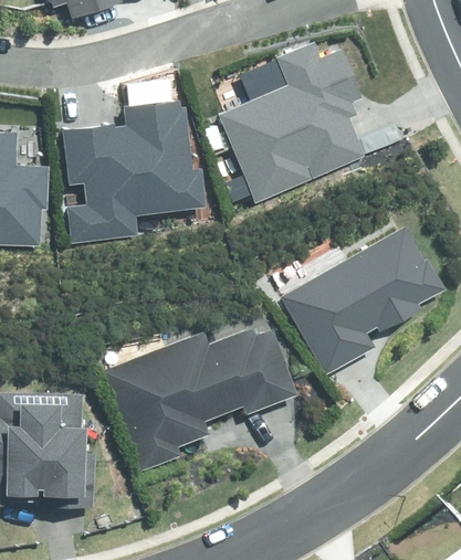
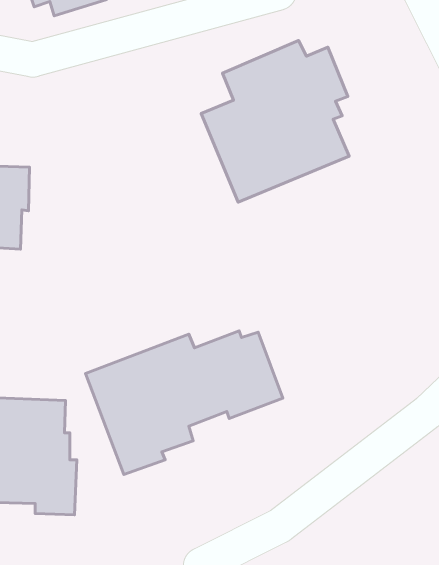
building: [61,101,207,244] -> none
building: [281,226,446,373] -> none

